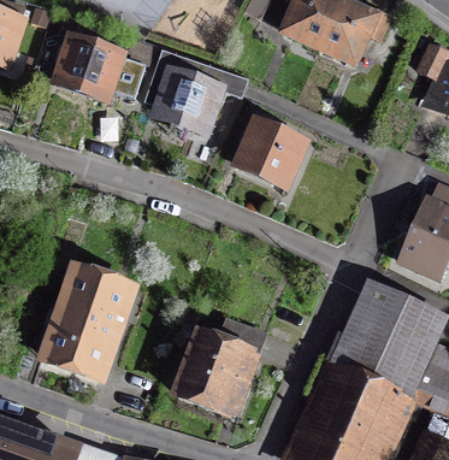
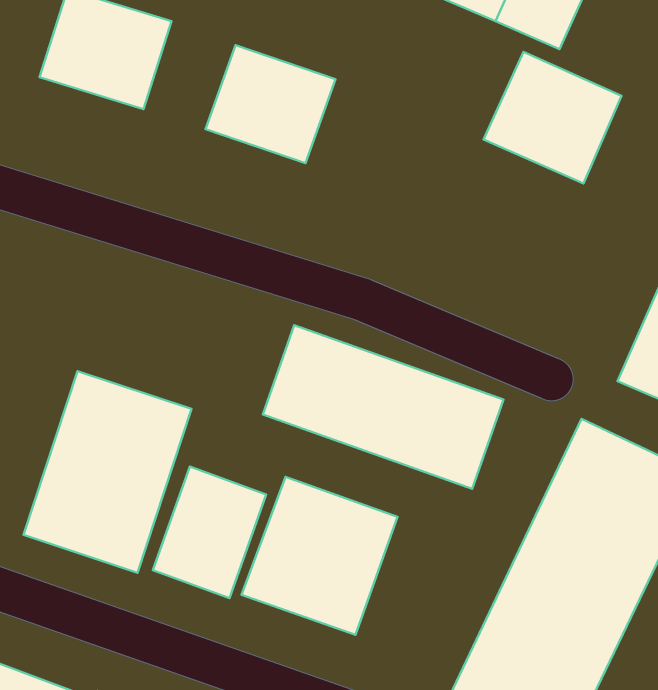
building: [229,110,312,189] -> [484,52,622,184]
building: none -> [263,325,503,489]
building: none -> [153,467,266,598]

